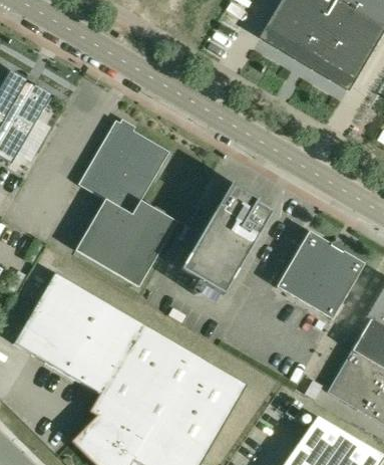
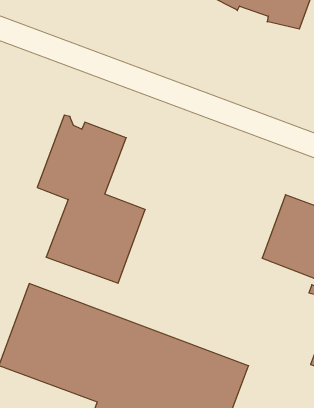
building: [180,186,272,294] -> none

